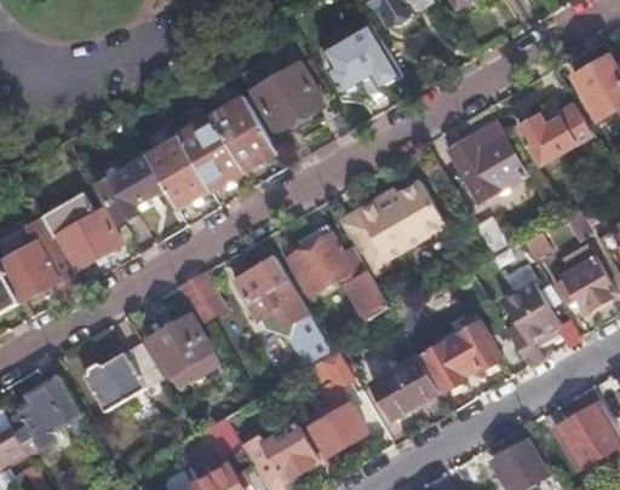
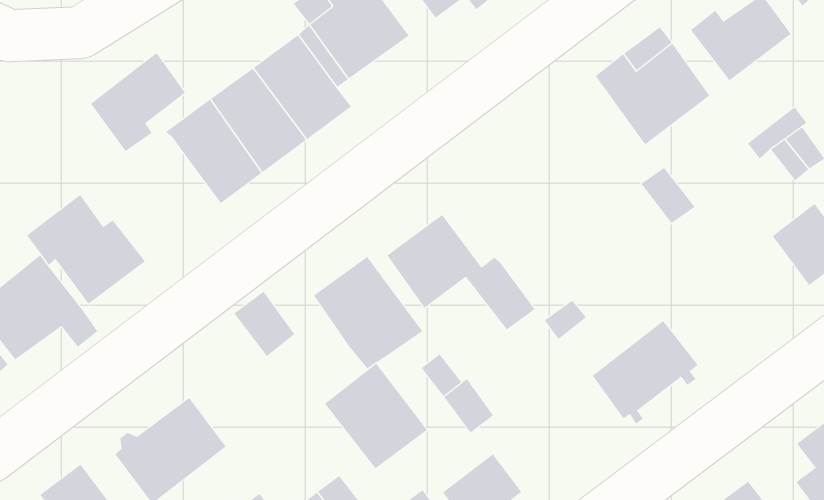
building: [98,157,166,224] -> [90,52,186,152]
building: [337,179,443,273] -> none
building: [503,282,556,367] -> none
building: [148,312,218,386] -> [324,363,428,469]
building: [371,357,437,419] -> none

